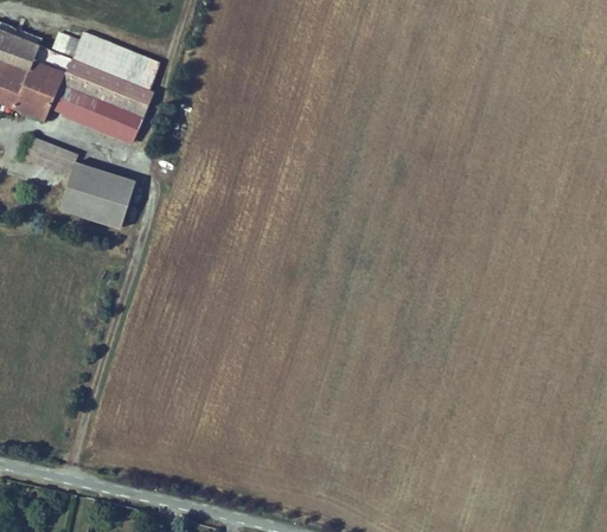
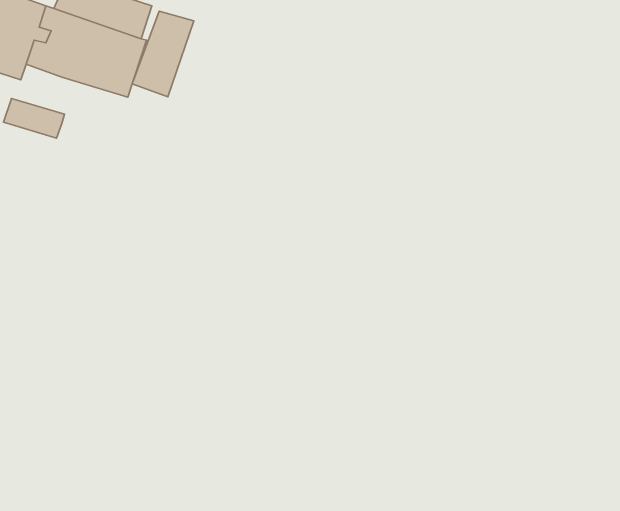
building: none -> [132,11,194,97]
building: [63,162,132,225] -> none

